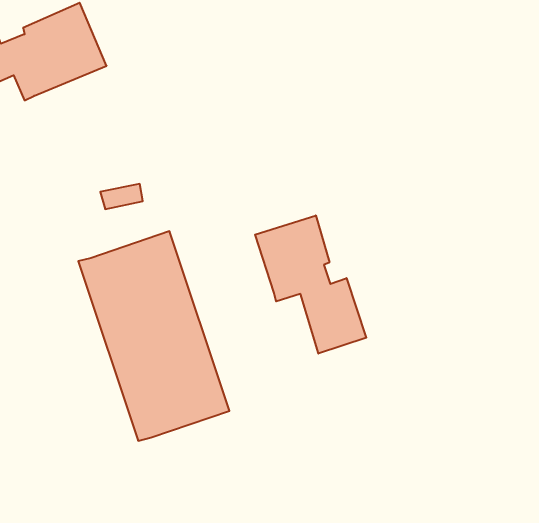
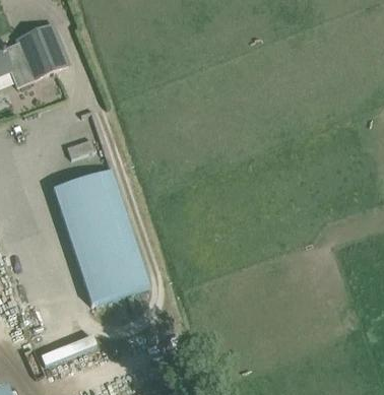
building: [255,215,366,354] -> none

